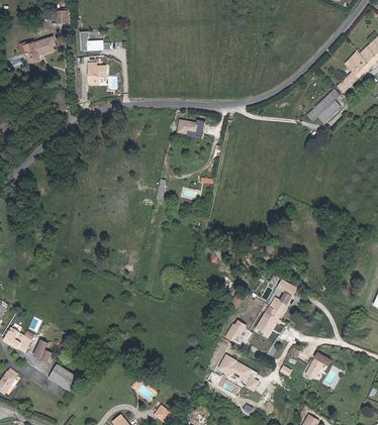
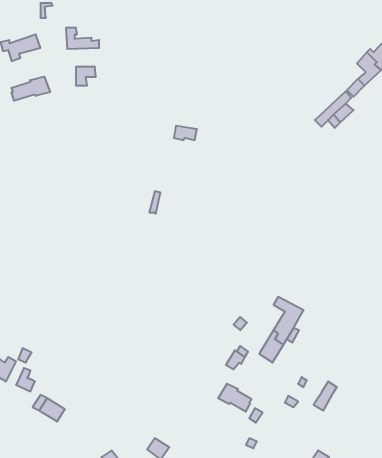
building: none -> [11,77,50,101]

